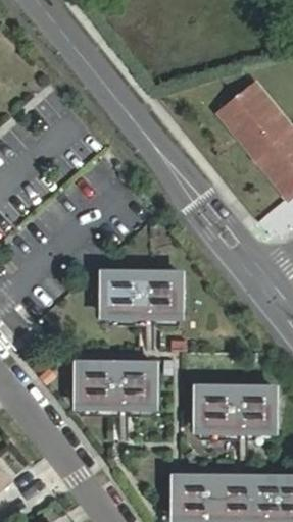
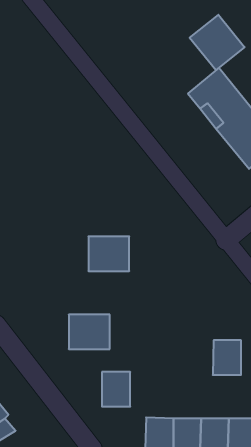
building: none -> [190,15,245,70]
building: [151,275,184,315] -> none
building: [129,365,161,405] -> [102,372,130,407]
building: [200,394,248,434] -> none

